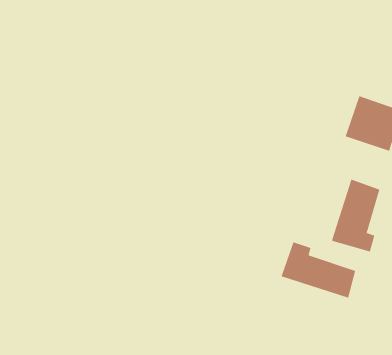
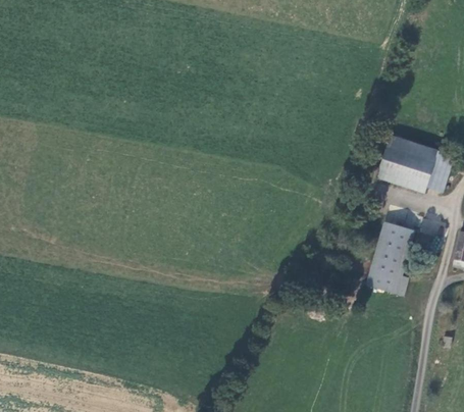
building: [281,241,356,298] -> none

